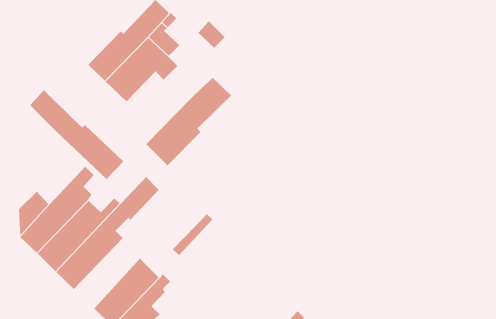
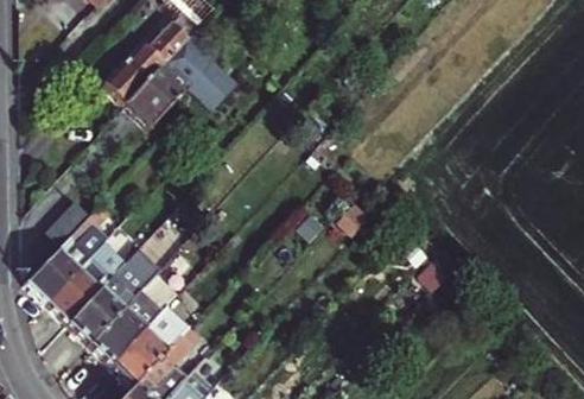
building: [146,77,232,166] -> none
building: [29,89,124,180] -> none
building: none -> [89,248,190,367]

